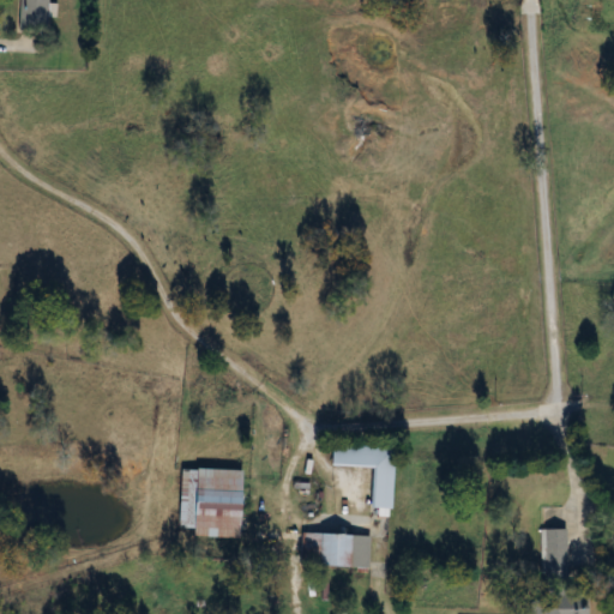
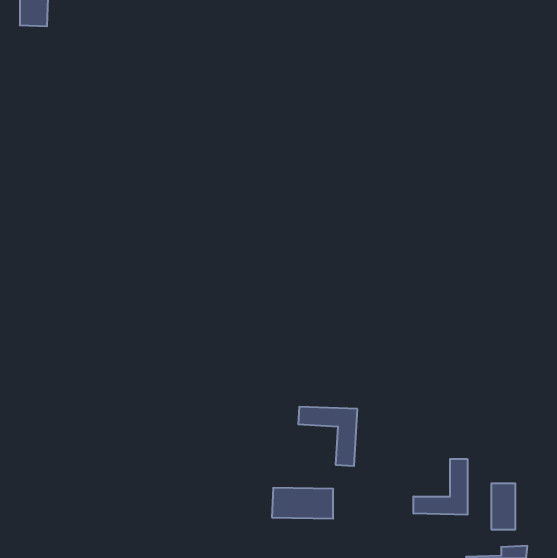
building: [188,466,254,537] -> none
building: none -> [413,459,467,515]

